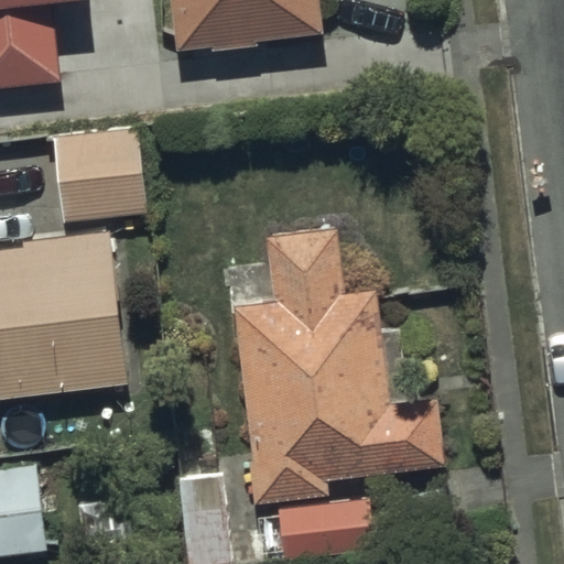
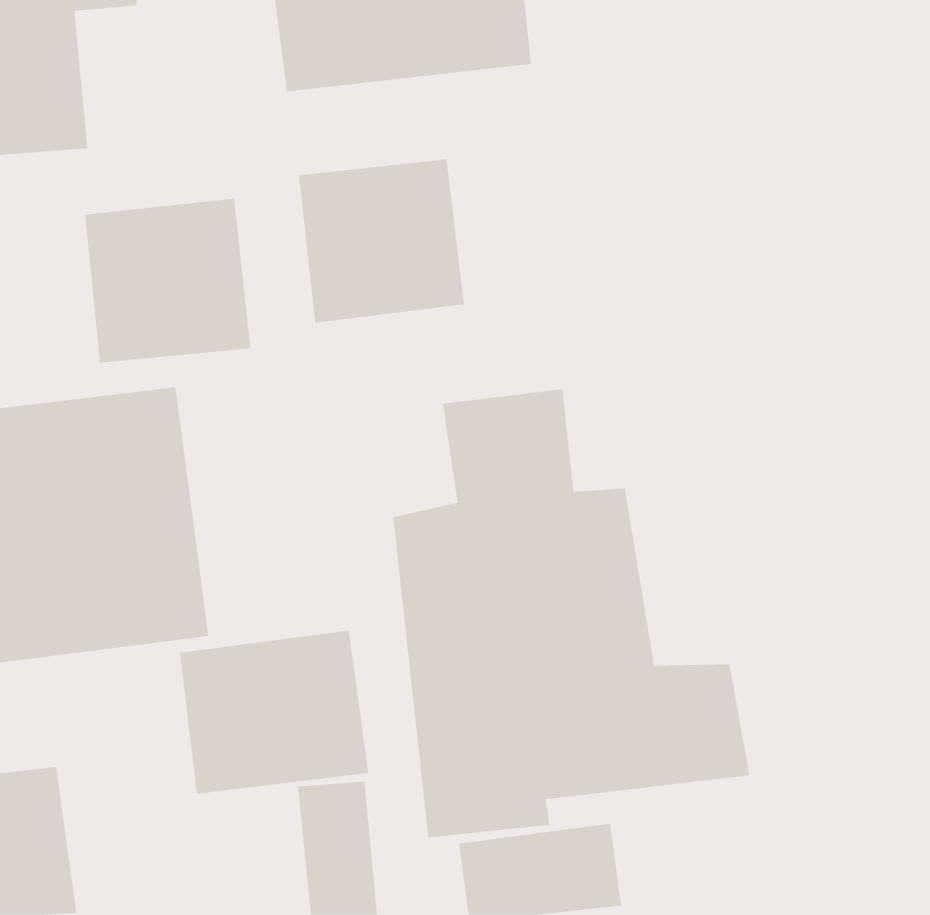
building: none -> [299,158,464,323]
building: none -> [179,630,369,794]

